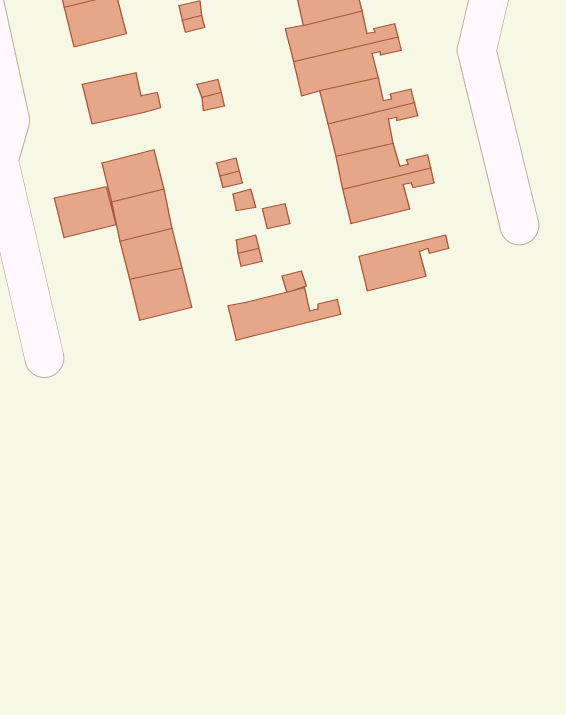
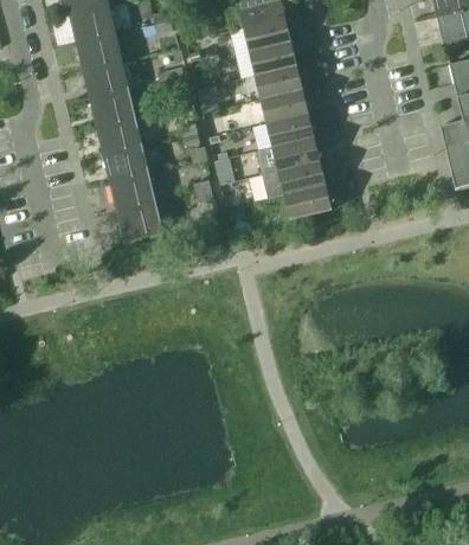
building: none -> [77,33,122,70]
building: [54,187,116,238] -> [90,90,135,127]
building: [228,288,341,340] -> [264,160,346,198]

